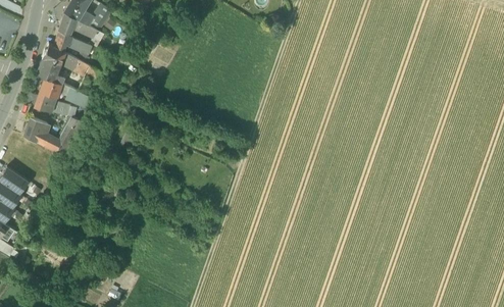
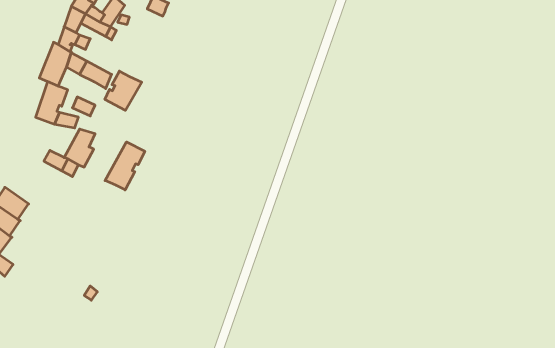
building: none -> [105,71,142,110]
building: [26,116,50,144] -> none
building: none -> [105,142,145,190]

